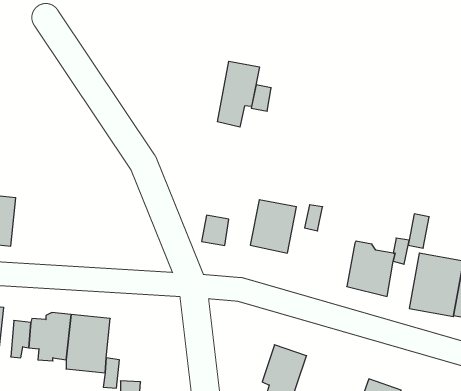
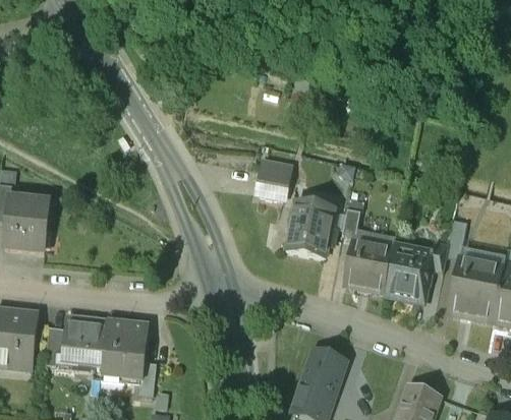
building: [217,61,259,127] -> none
building: [202,215,229,245] -> [261,169,288,199]
building: none -> [345,239,393,290]

